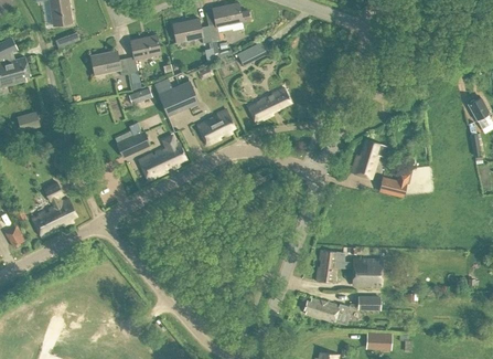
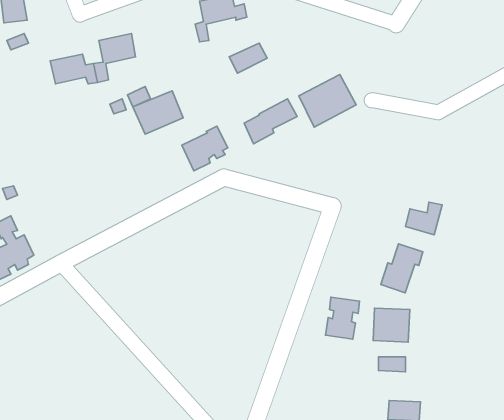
building: [172,18,212,43] -> none
building: none -> [299,75,356,127]
building: [117,130,151,157] -> none
building: [139,136,186,180] -> none
building: [351,138,385,178] -> [381,244,423,293]
building: [304,297,340,323] -> none

